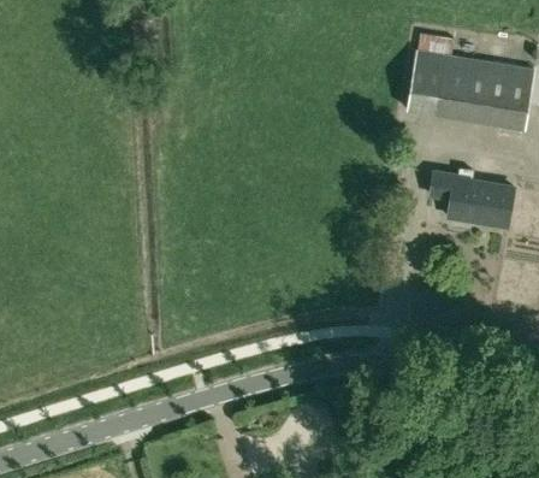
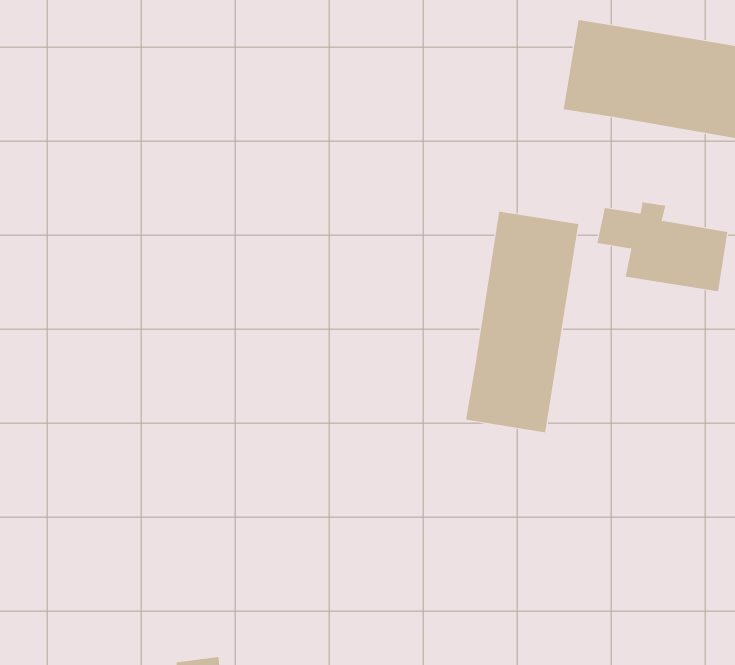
building: none -> [465,211,579,433]

